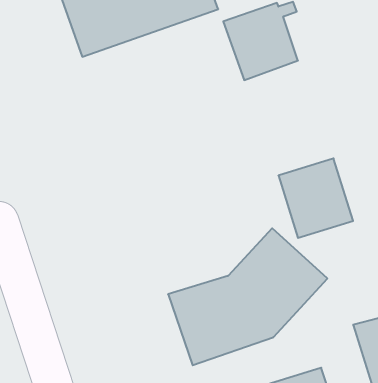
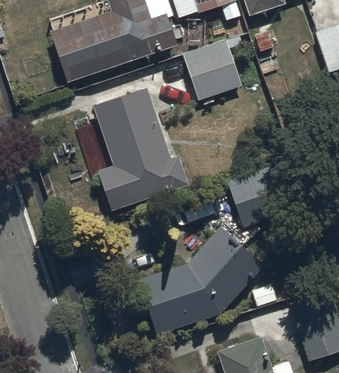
building: none -> [93,85,191,212]

